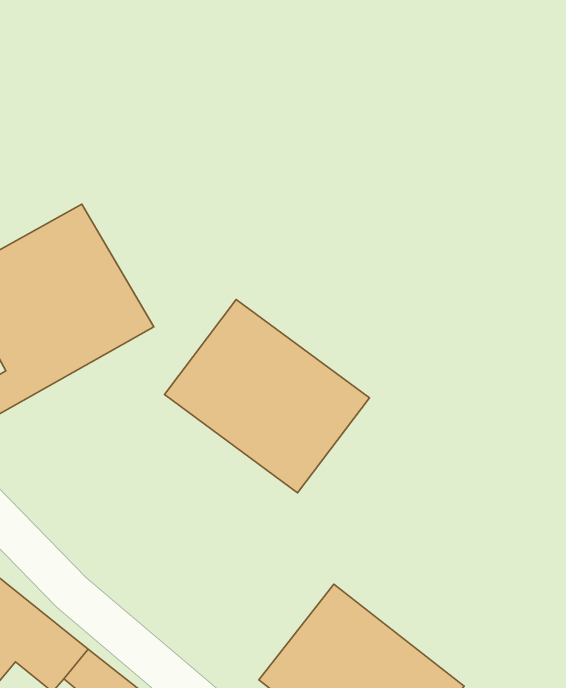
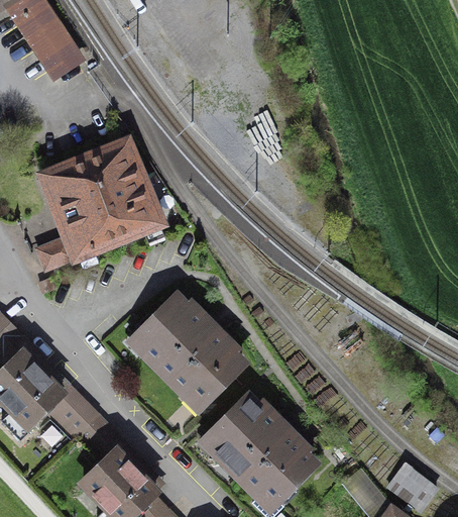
building: [164,299,369,493] -> [124,292,249,415]

